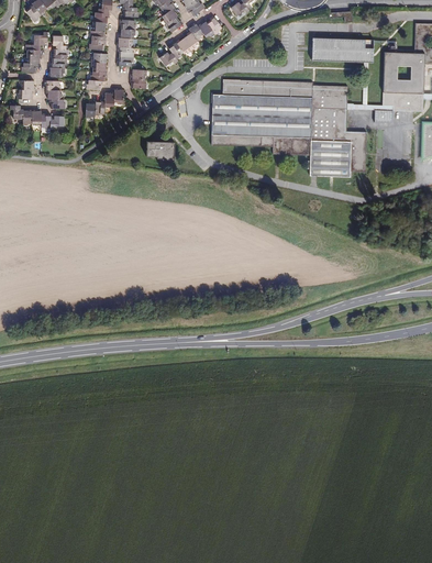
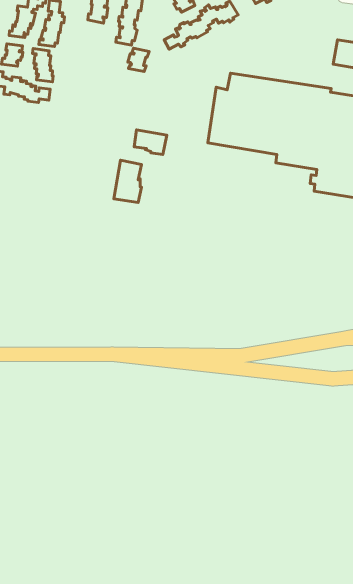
building: [86,52,108,89] -> none
building: [86,87,124,118] -> none
building: none -> [114,160,142,203]

